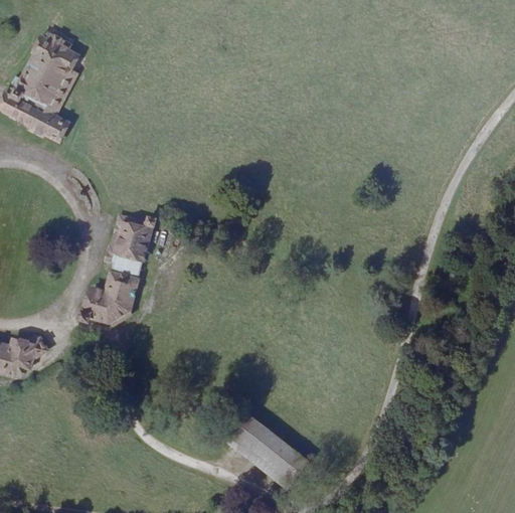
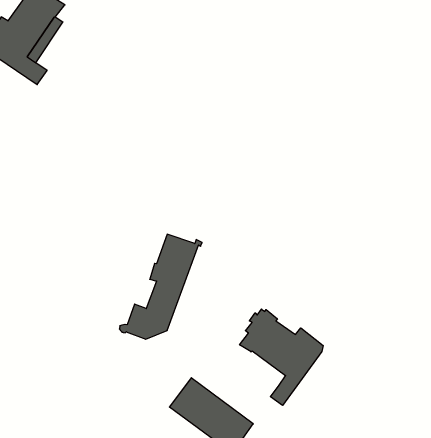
building: [82,216,154,322] -> [119,234,202,339]
building: none -> [240,309,323,405]

